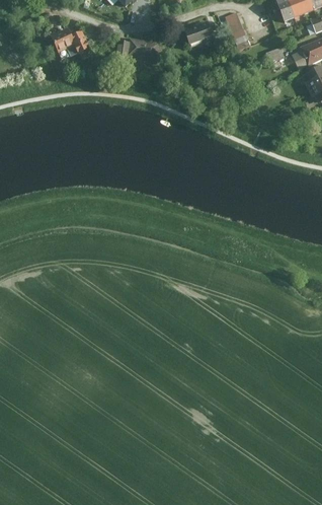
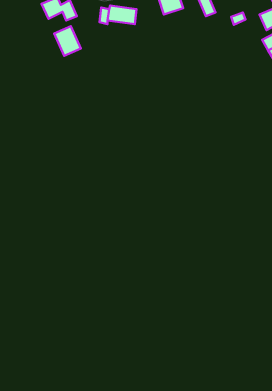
building: none -> [54,26,81,56]

